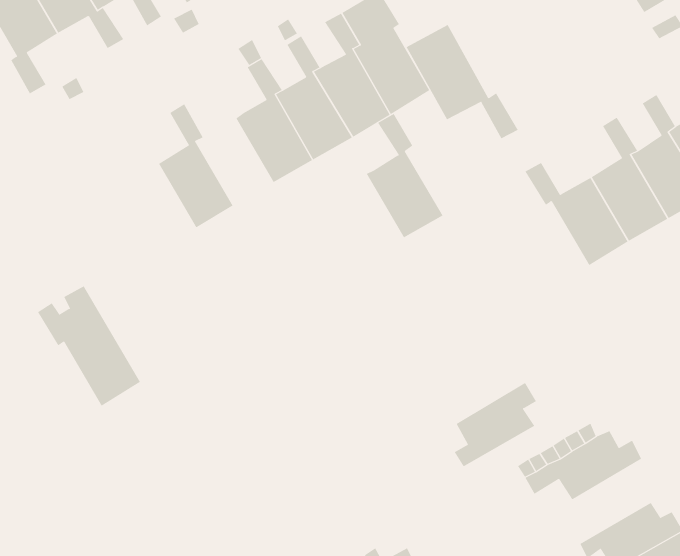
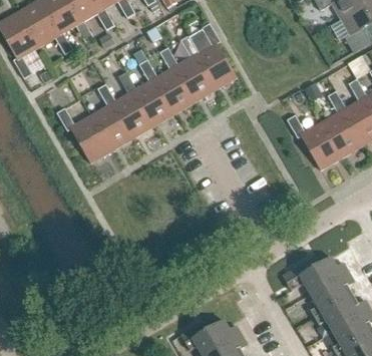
building: [406,24,518,139] -> none
building: [366,113,443,238] -> [111,71,152,137]
building: [37,286,141,407] -> [56,98,111,162]
building: [454,382,537,467] -> [310,272,354,317]

